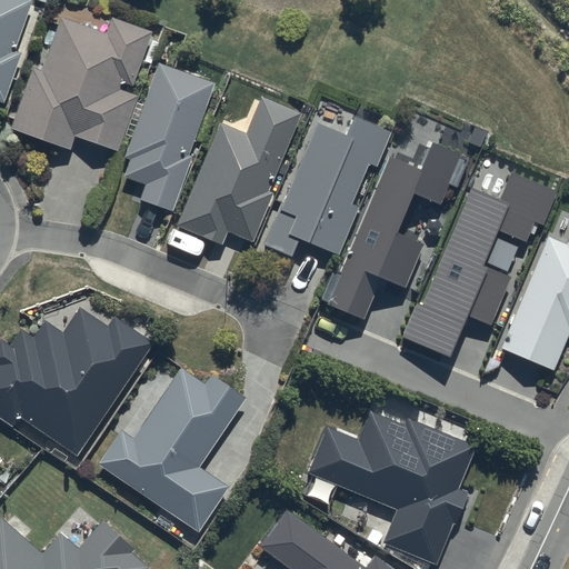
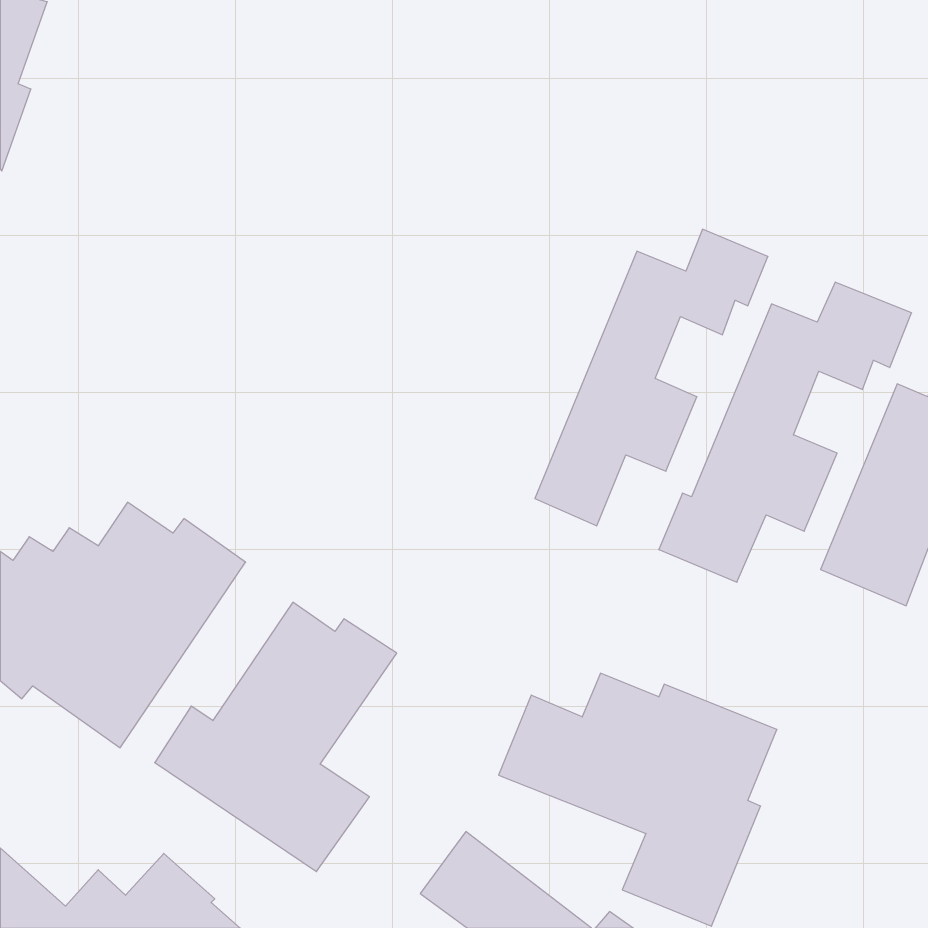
building: [12,17,151,151] -> none
building: [124,62,211,214] -> none
building: [177,97,299,246] -> none
building: [261,116,390,259] -> none

